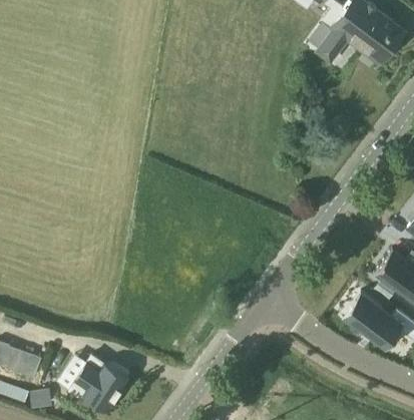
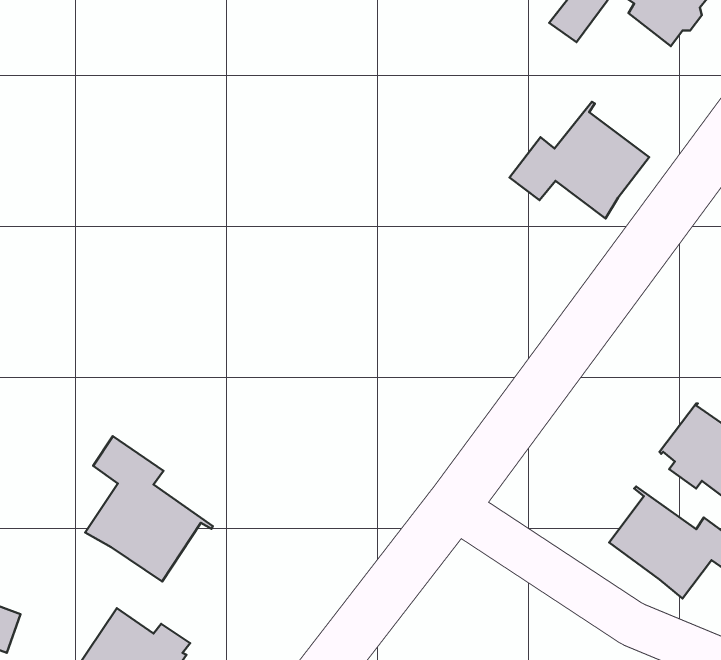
building: none -> [510,102,649,218]
building: none -> [85,436,213,582]

